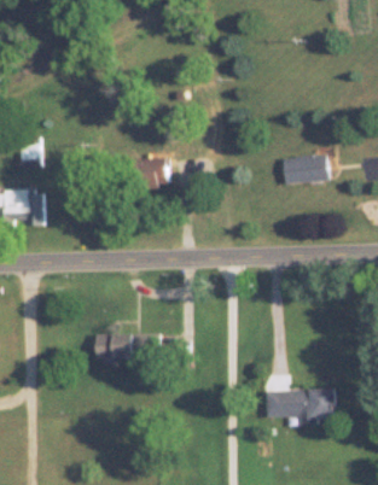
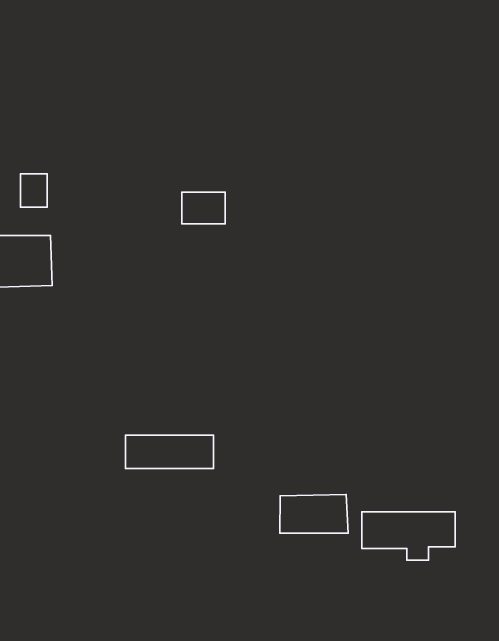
building: [281,154,328,185] -> none
building: none -> [280,495,348,533]

